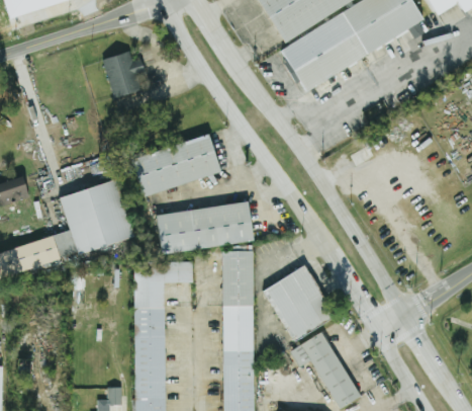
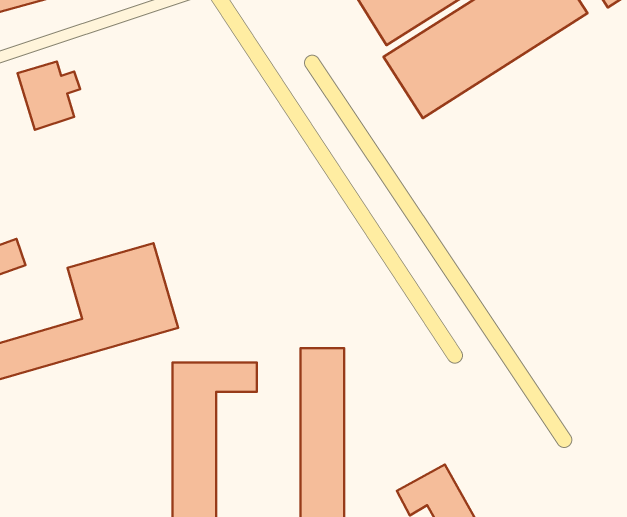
building: [103,53,147,100] -> [18,61,80,130]
building: [133,134,223,196] -> none
building: [158,201,257,254] -> none
building: [264,267,334,342] -> none

